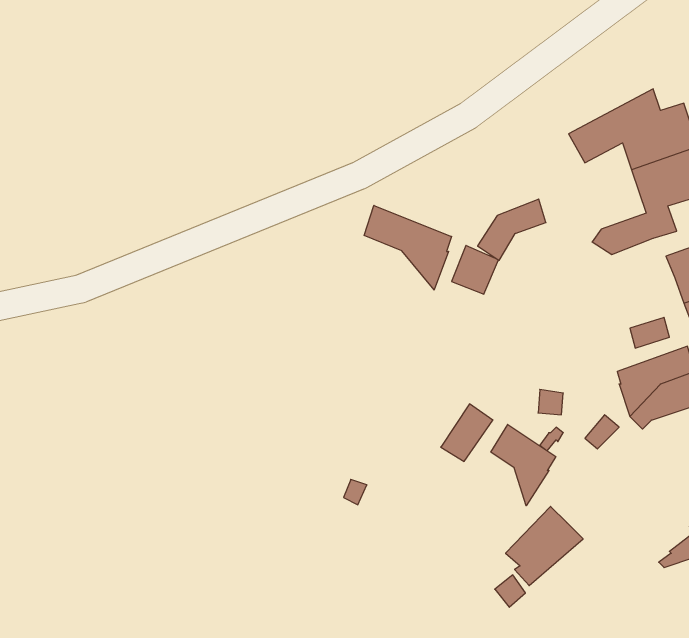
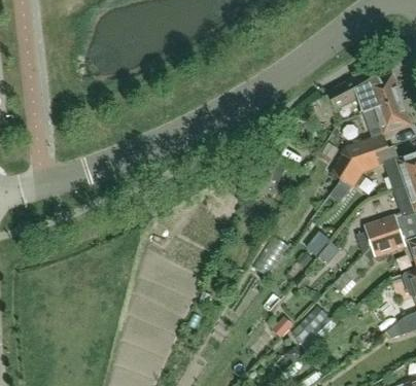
building: [478,199,546,260] -> [342,152,381,187]
building: [364,205,452,290] -> none
building: [491,424,556,506] -> none

